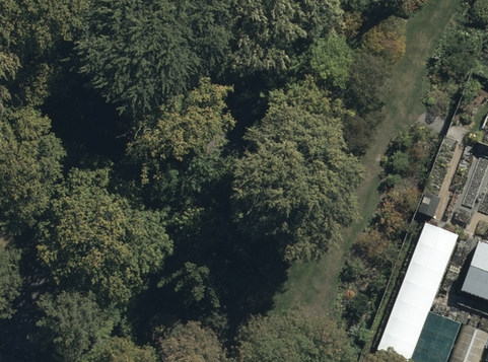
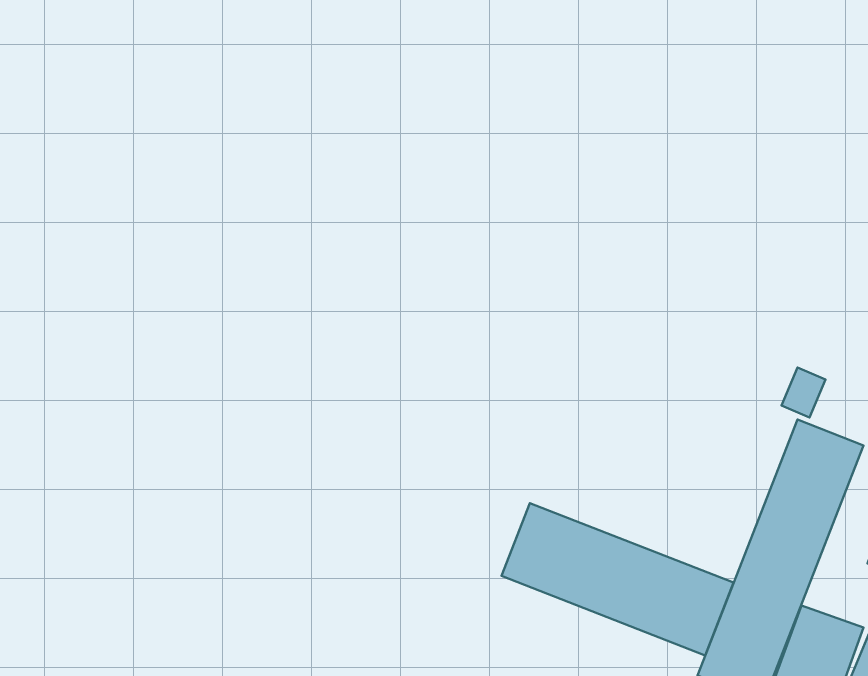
building: none -> [502,503,734,656]

